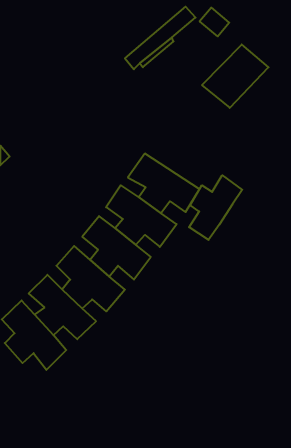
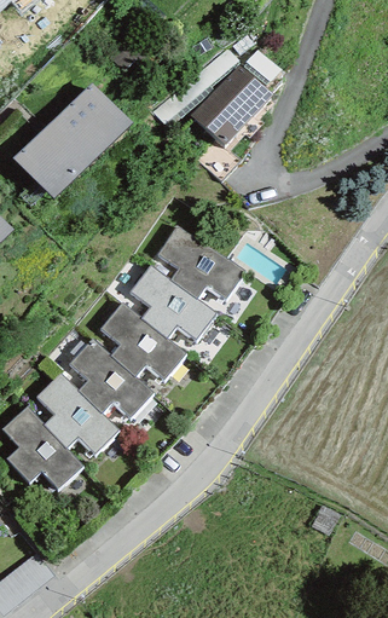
building: none -> [12,85,129,200]
building: [202,44,269,108] -> [190,67,271,144]
building: [189,175,242,240] -> none

